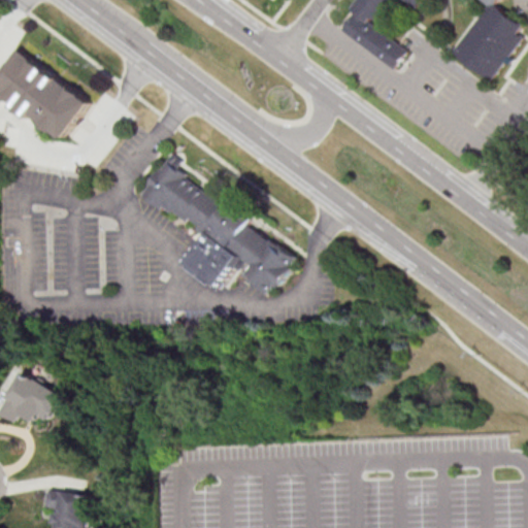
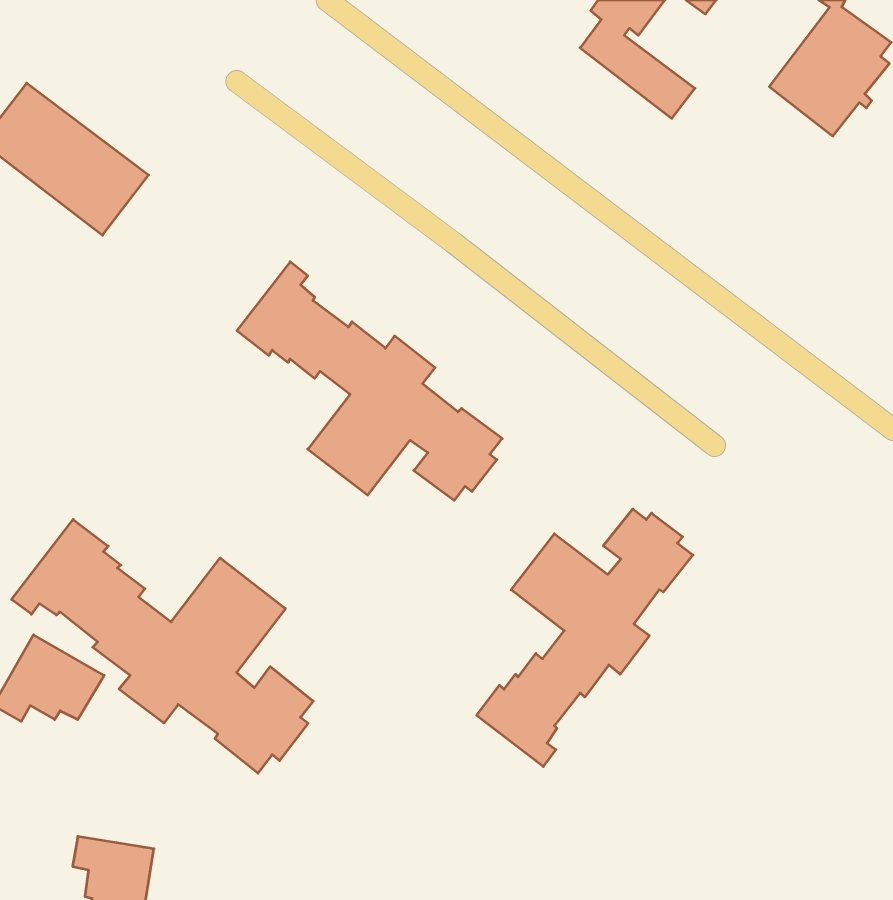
building: none -> [477,509,693,767]
building: none -> [12,519,313,773]

